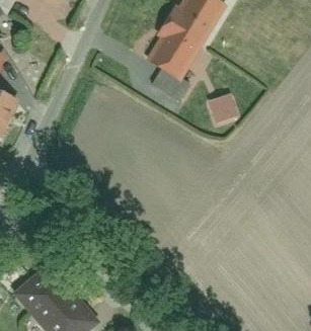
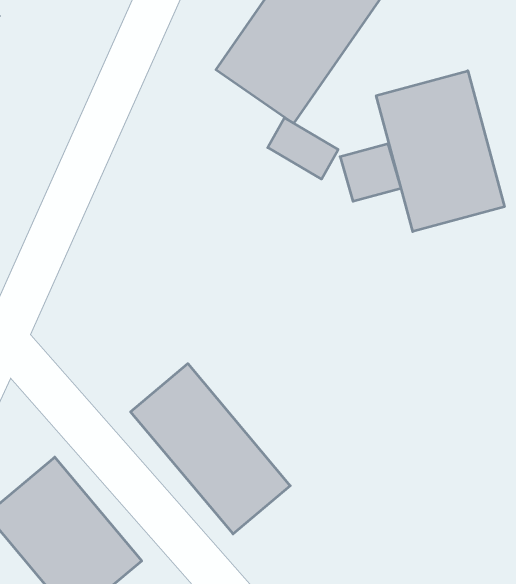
building: none -> [376,71,504,232]
building: none -> [131,364,290,534]

